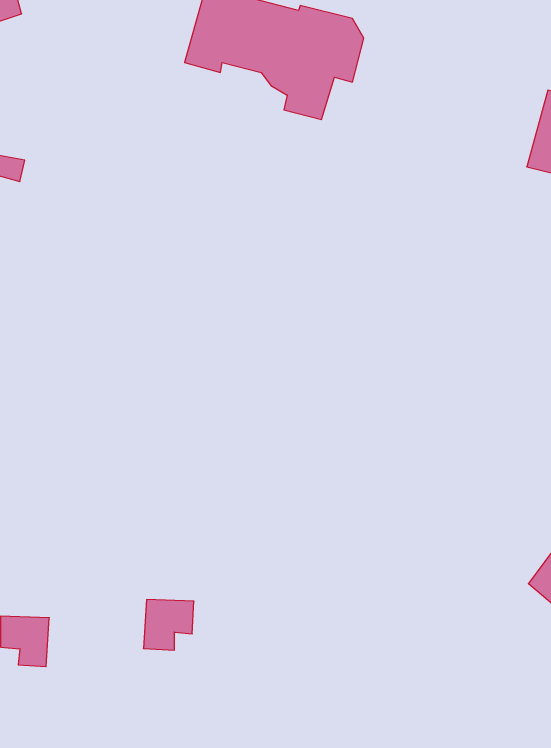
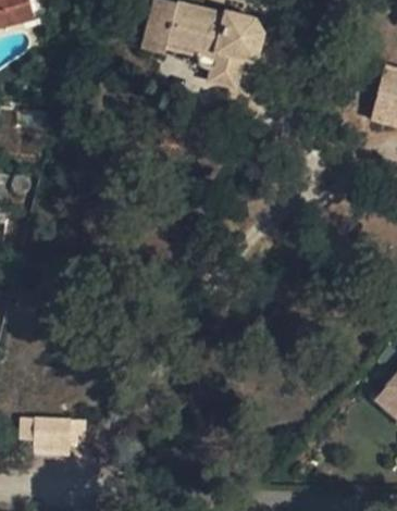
building: [143,600,194,650] -> [50,419,84,452]

